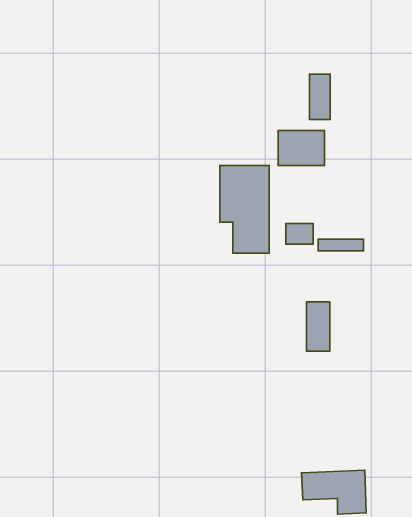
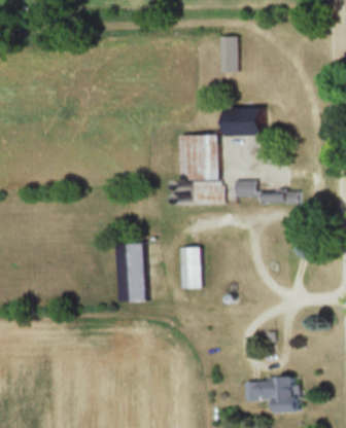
building: [310,74,330,119] -> [222,36,239,72]
building: none -> [118,243,147,302]
building: [306,302,330,351] -> [181,249,200,288]

